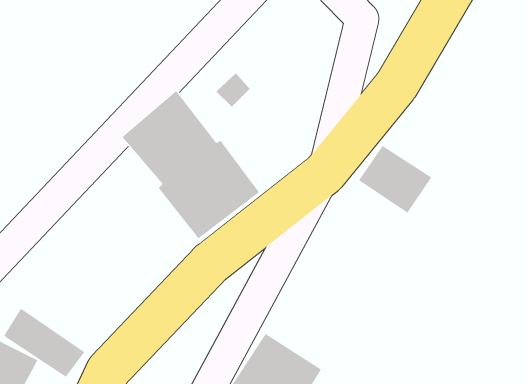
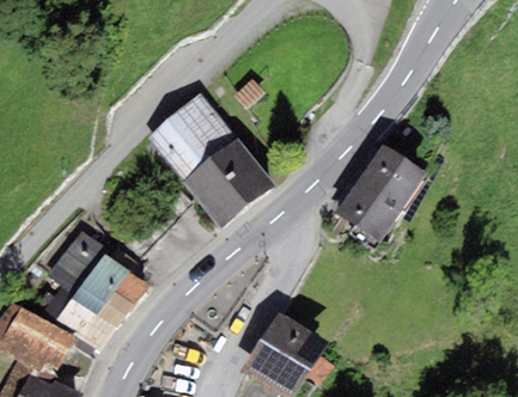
building: none -> [335,175,404,242]
building: none -> [48,231,147,328]

